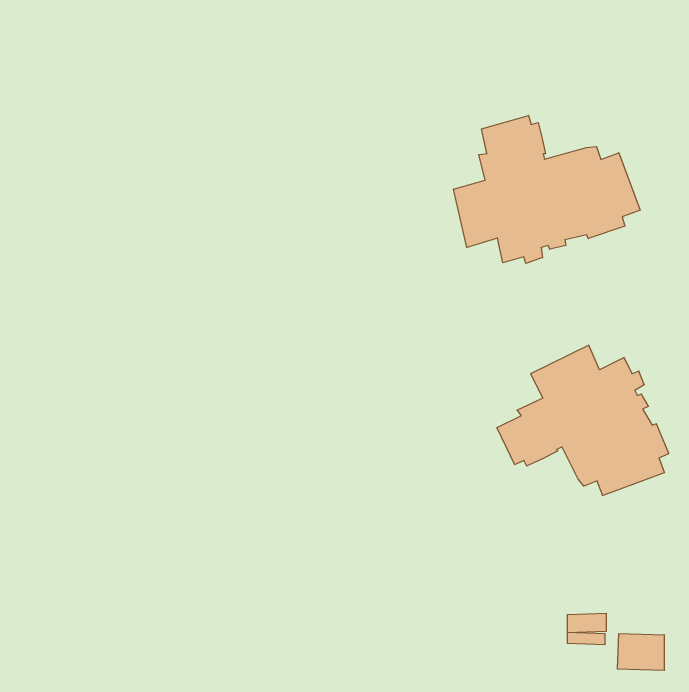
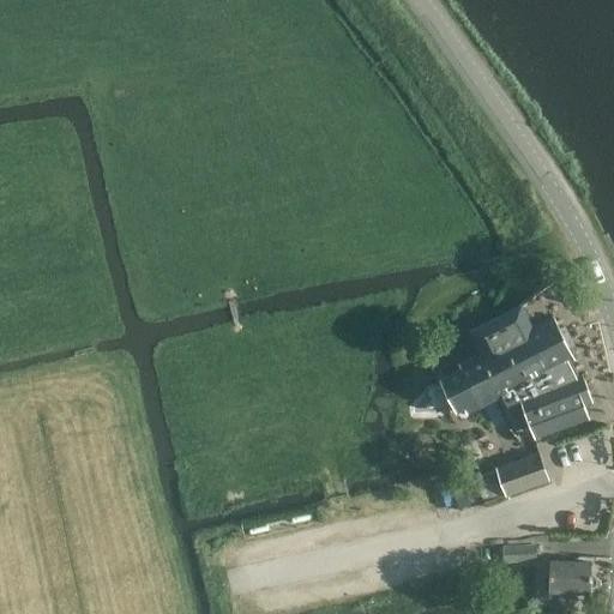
building: [454,115,640,263] -> none
building: none -> [470,453,548,502]

